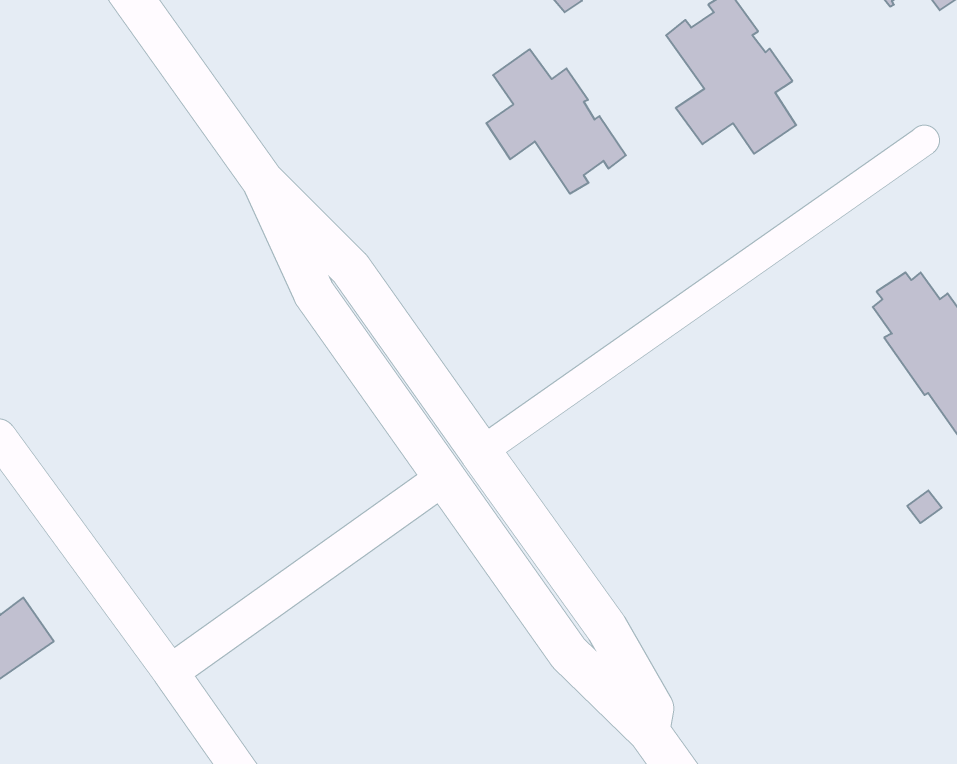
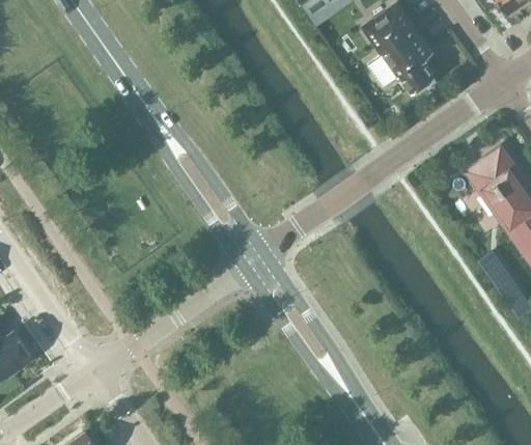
building: [486,49,626,194] -> none

